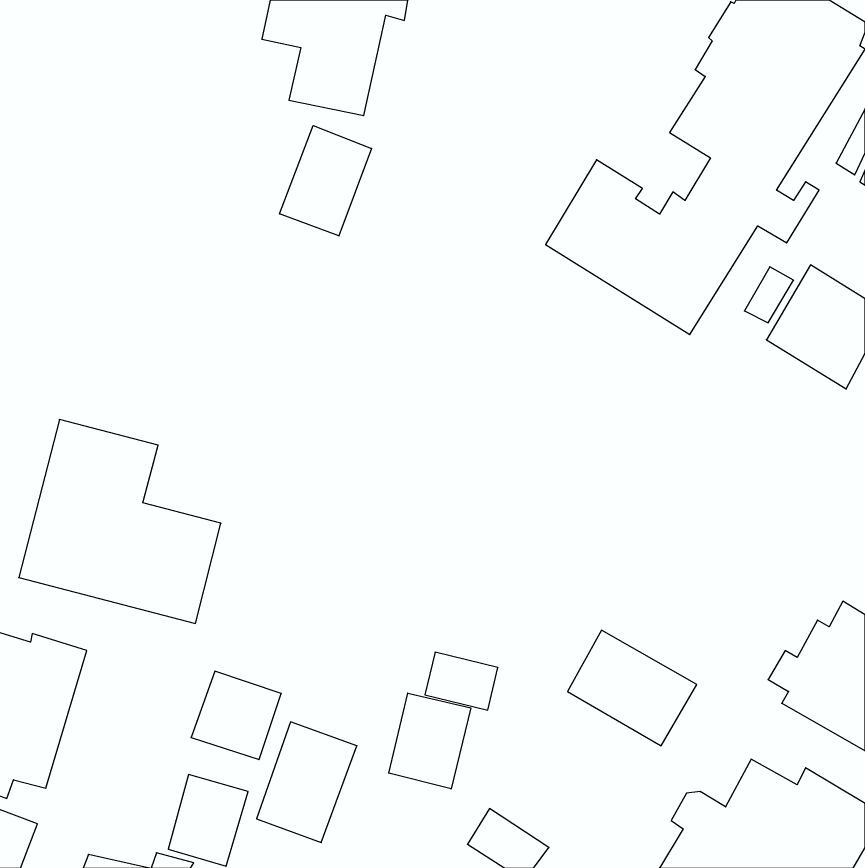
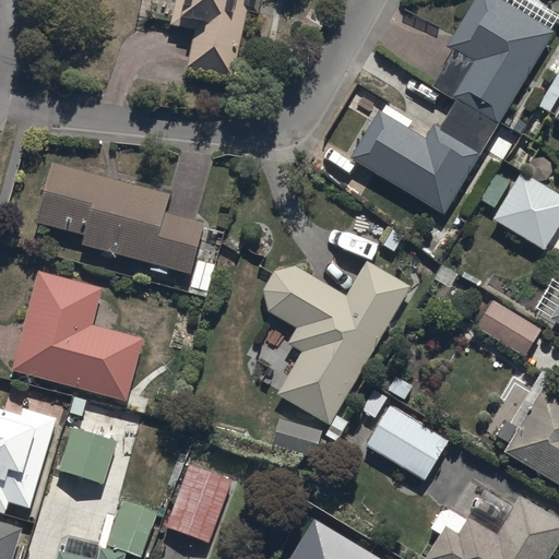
building: [280,126,371,236] -> none
building: none -> [35,162,214,290]
building: none -> [262,260,411,431]
building: none -> [475,299,542,356]
building: [191,671,281,760] -> [58,426,116,483]
building: [389,693,471,789] -> none

